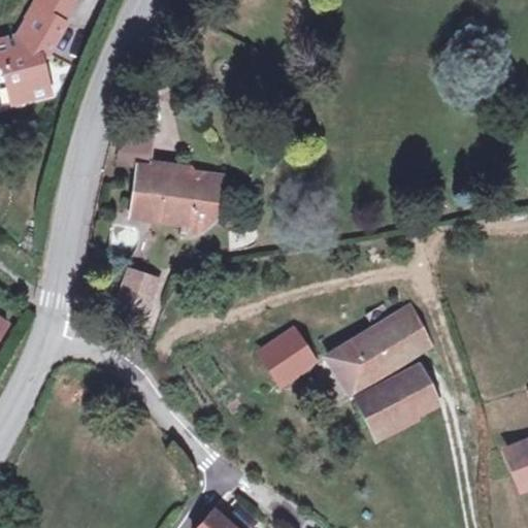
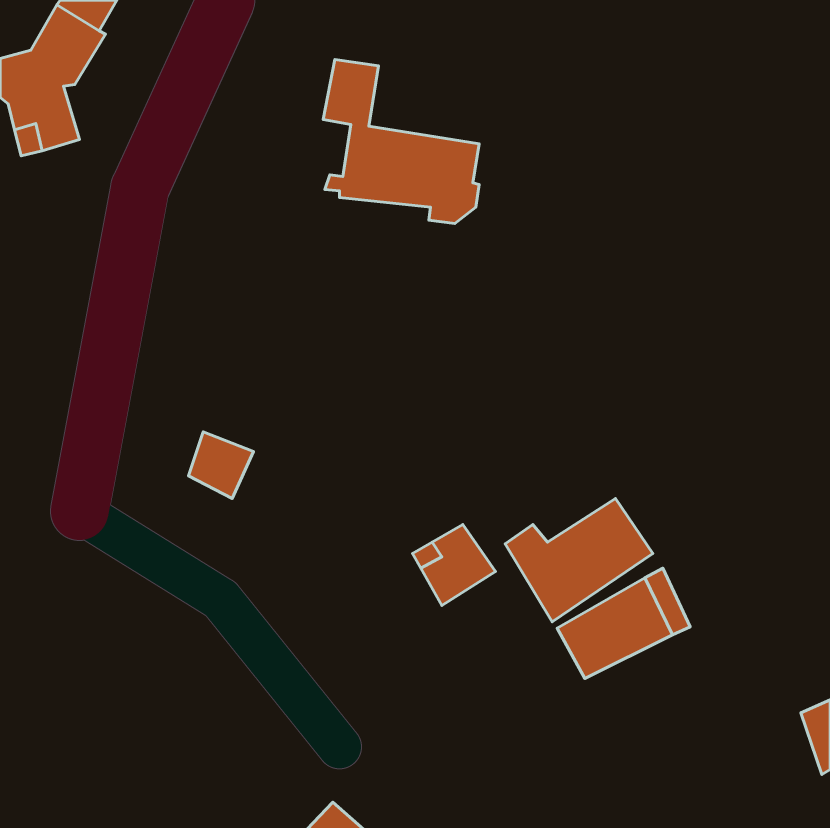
building: [121,126,220,230] -> [323,59,479,223]
building: [391,303,433,353] -> none

